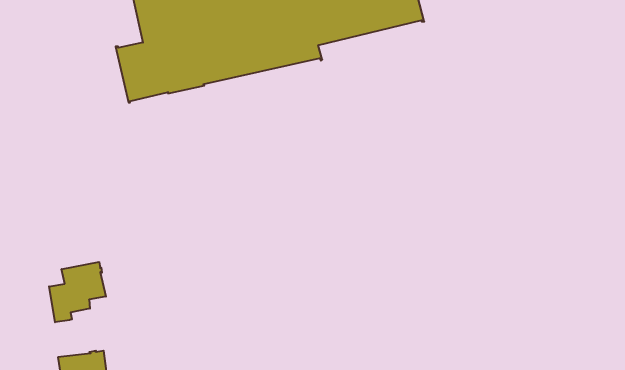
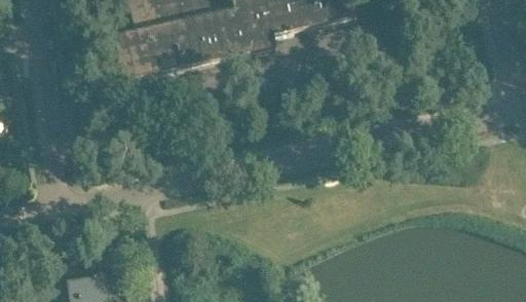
building: [49,262,106,322] -> none

